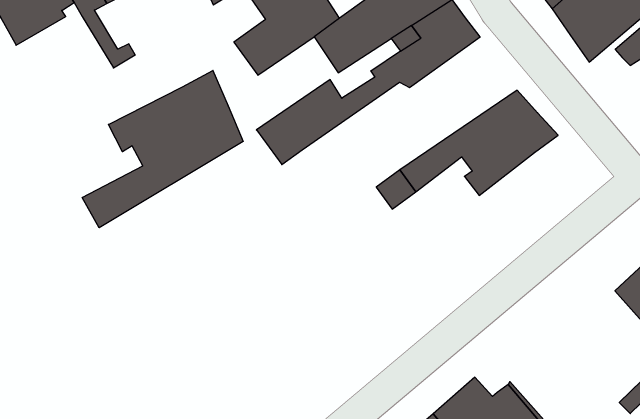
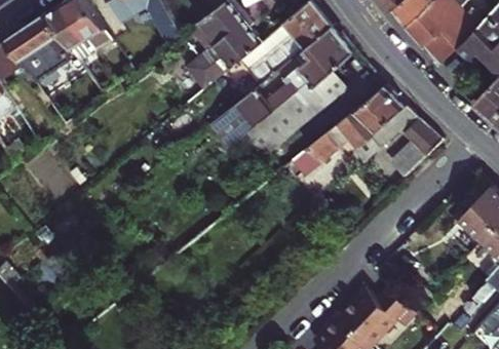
building: [82,70,243,228] -> none
building: none -> [238,87,332,154]
building: none -> [391,115,443,177]

